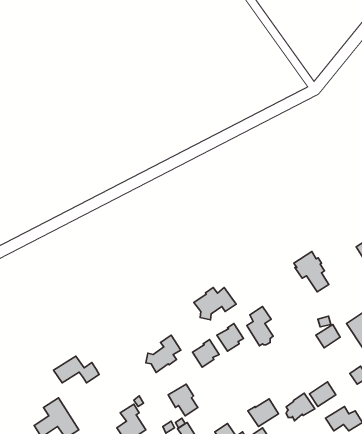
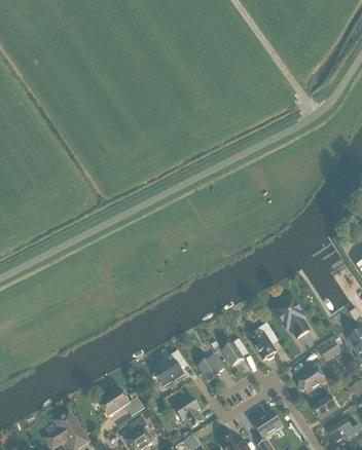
building: [294,252,329,292] -> [274,298,307,337]
building: [194,288,236,320] -> none
building: [53,356,99,383] -> [99,389,143,415]
building: [286,393,315,421] -> [297,366,325,392]

